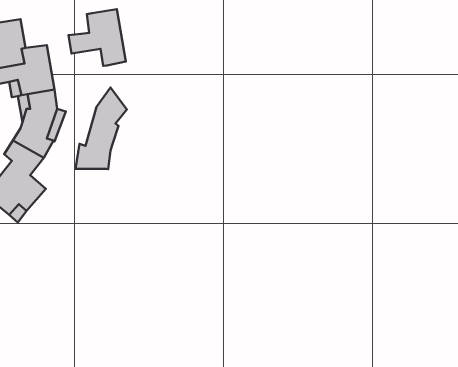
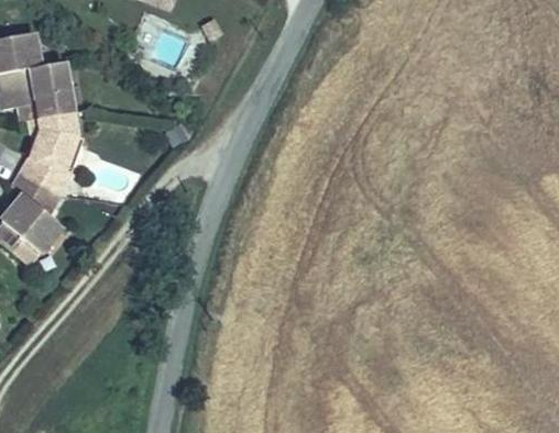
building: [69,9,126,66] -> none
building: [75,88,127,169] -> none

